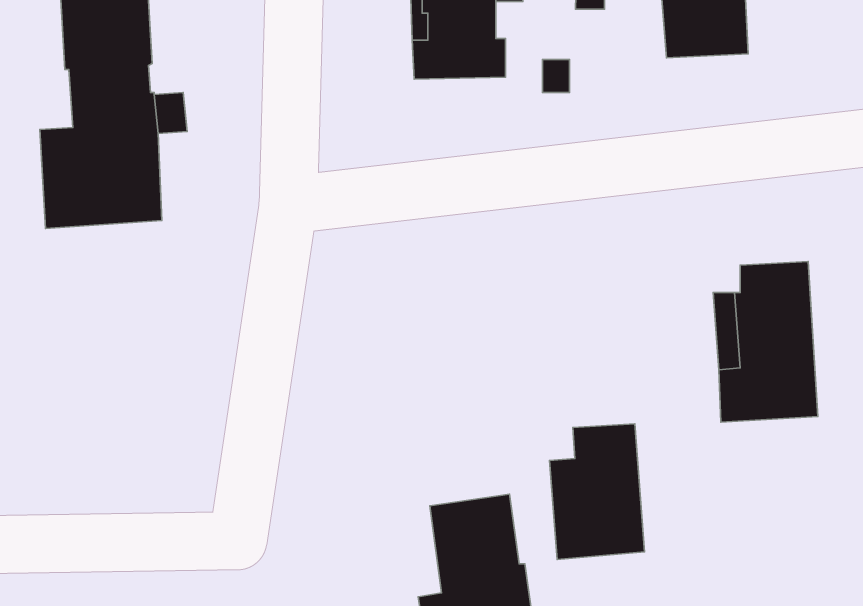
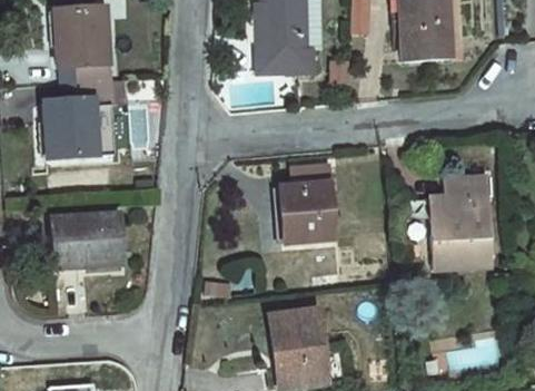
building: none -> [51,213,122,268]
building: [549,424,645,559] -> [279,166,334,244]

